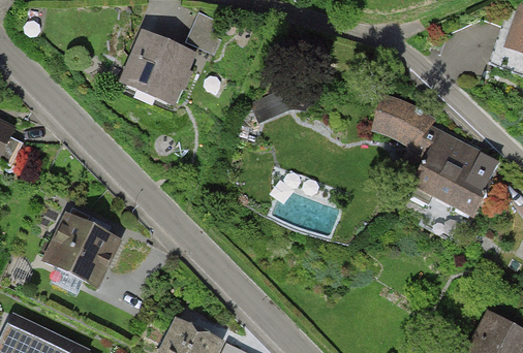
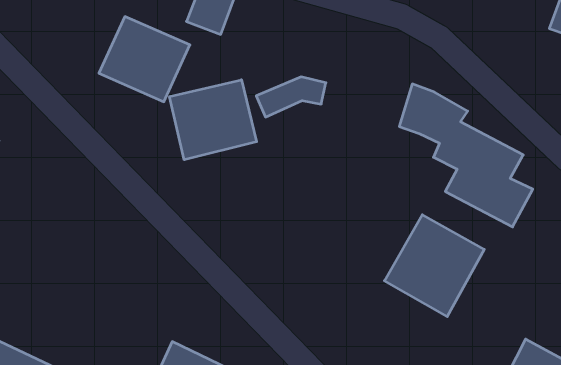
building: none -> [170,80,257,160]
building: none -> [384,215,484,317]
building: [41,211,123,288] -> none

